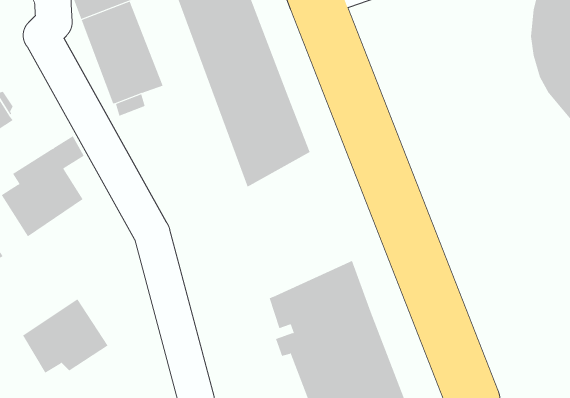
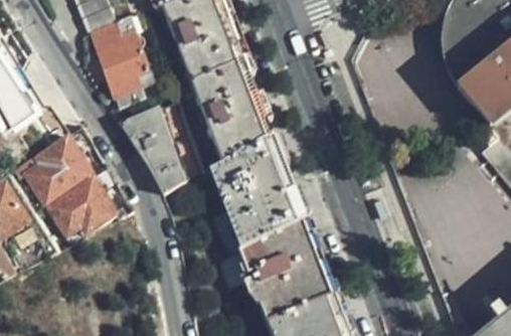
building: none -> [122,107,188,192]
building: none -> [212,134,304,247]
building: [22,299,108,374] -> [47,174,116,233]

